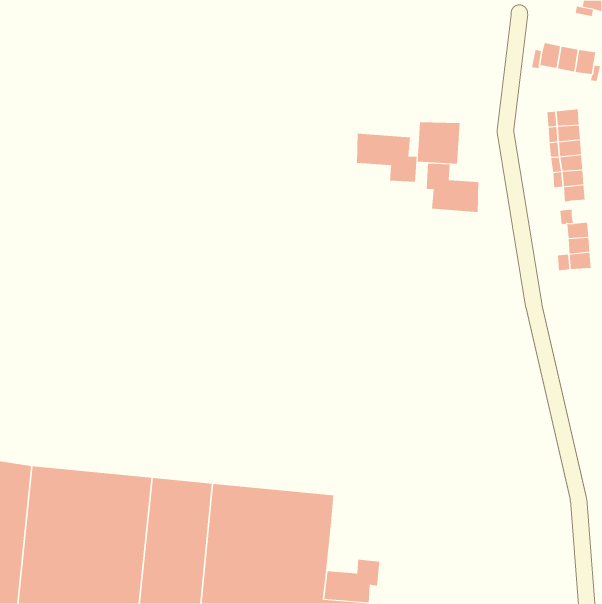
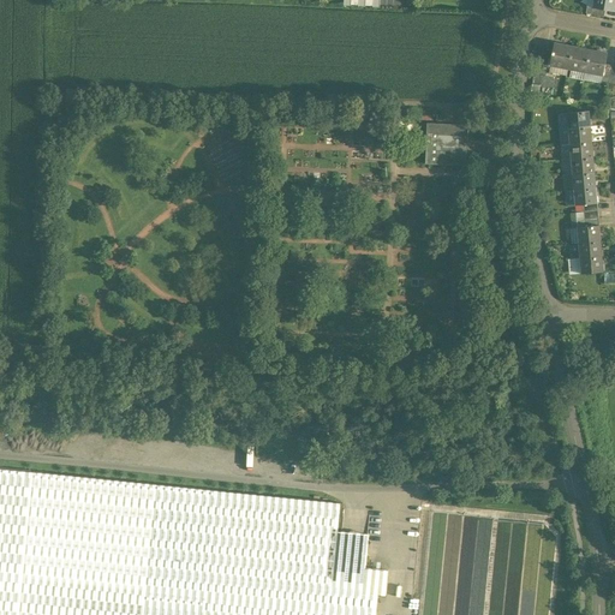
building: [356,133,417,182] -> none
building: [426,163,479,213] -> none
building: none -> [333,531,368,583]

